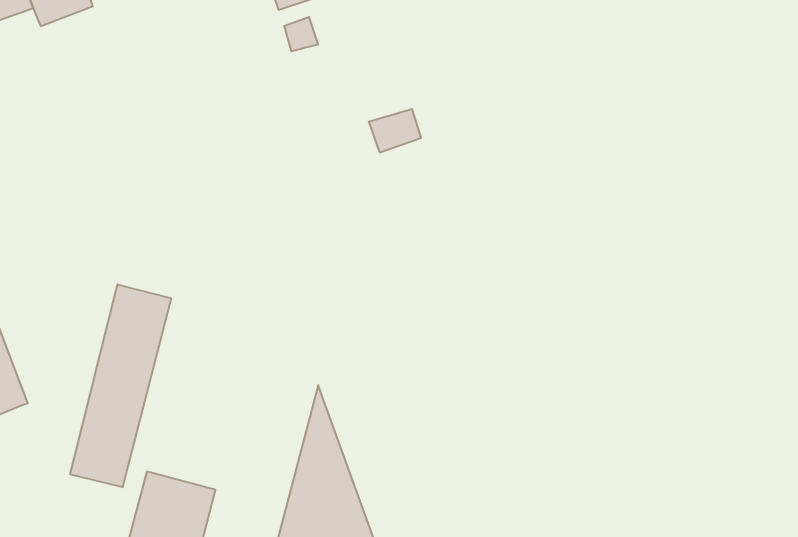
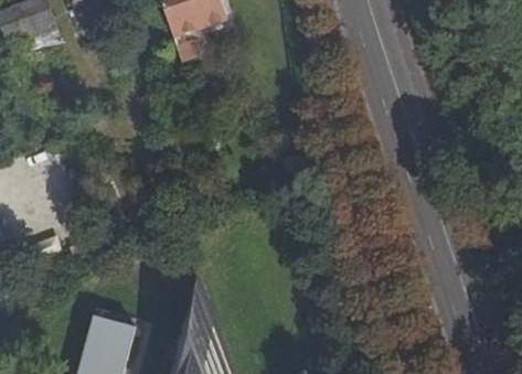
building: [70,284,171,487] -> none

